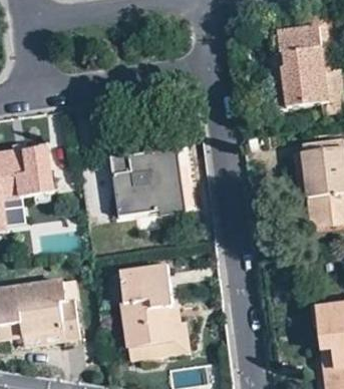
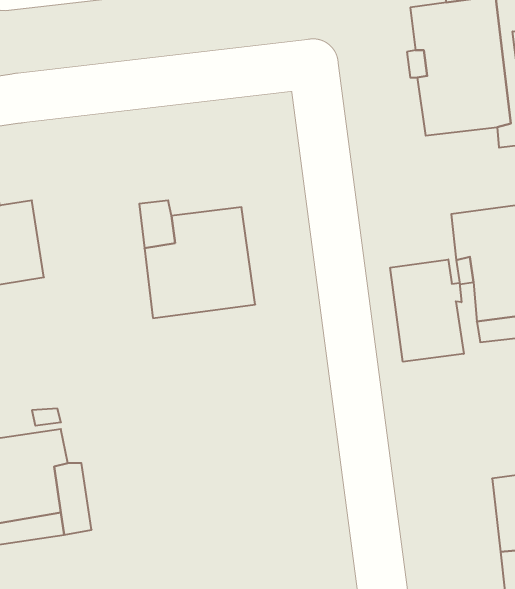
building: none -> [390,259,464,362]
building: [119,265,184,347] -> none

